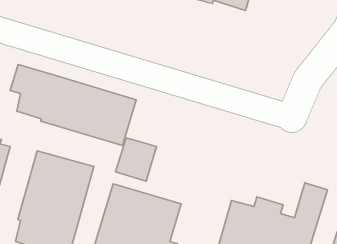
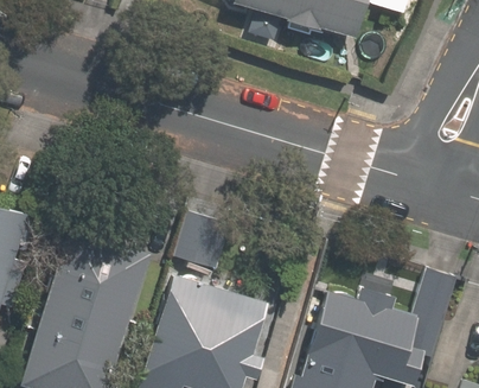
building: [10,65,136,145] -> none

